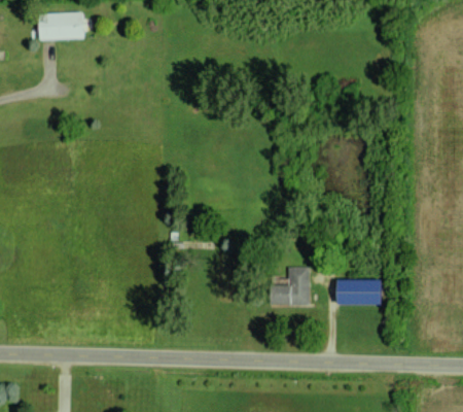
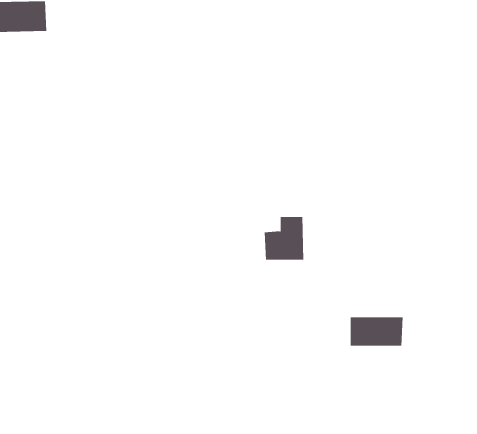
building: [275,268,309,305] -> [264,216,304,260]

